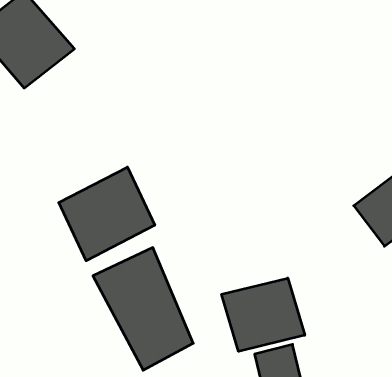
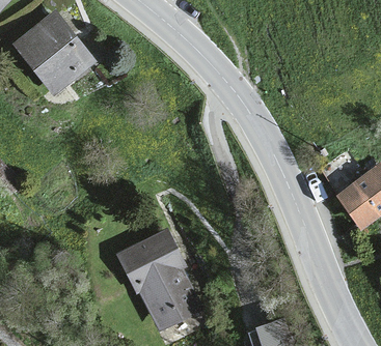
building: [59,167,155,261] -> none
building: [222,278,305,351] -> none

